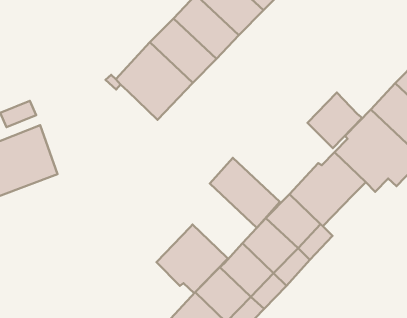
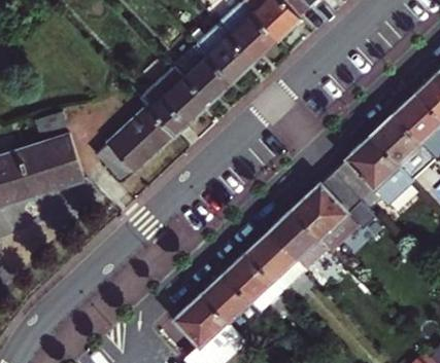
building: none -> [98,106,176,182]
building: [308,93,362,148] -> none
building: [210,158,280,228] -> none
building: none -> [321,212,365,254]
building: [156,225,228,293] -> none

